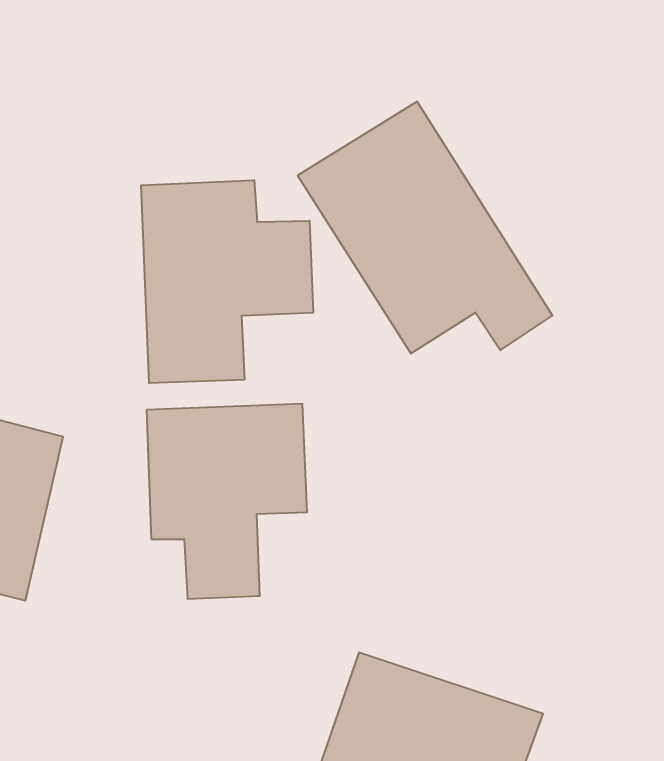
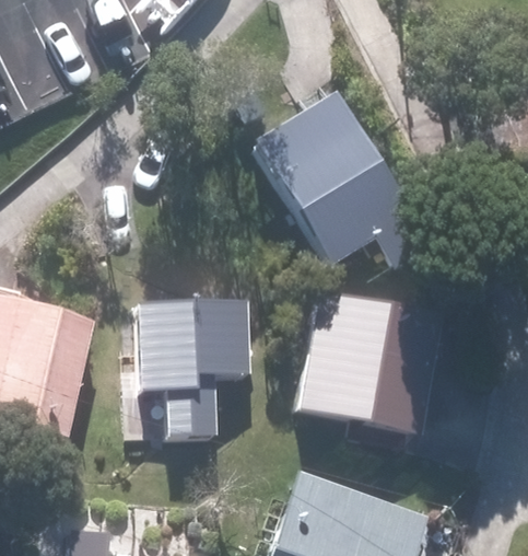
building: [141,180,313,383] -> none
building: none -> [298,293,437,432]

